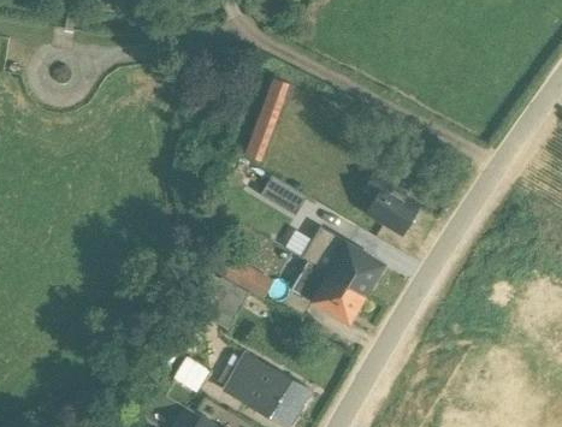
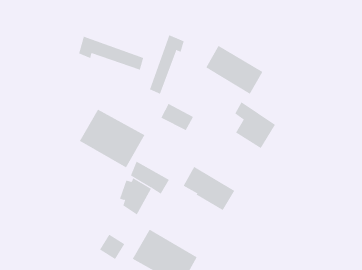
building: none -> [79,36,144,71]
building: none -> [79,109,145,168]
building: [302,227,383,296] -> [205,45,263,94]

